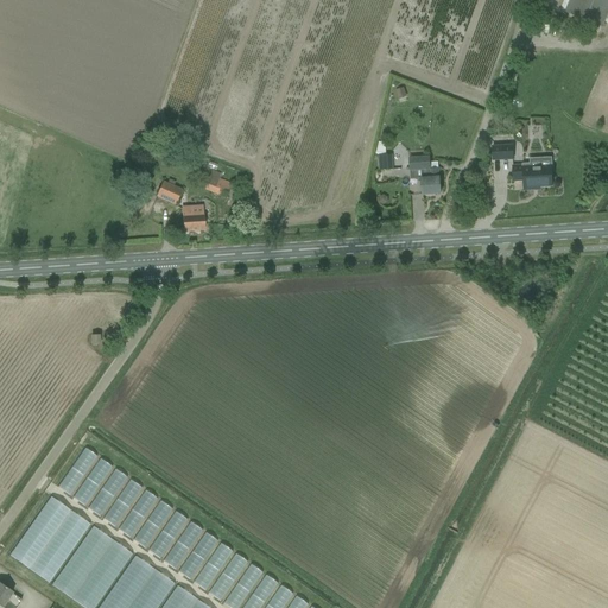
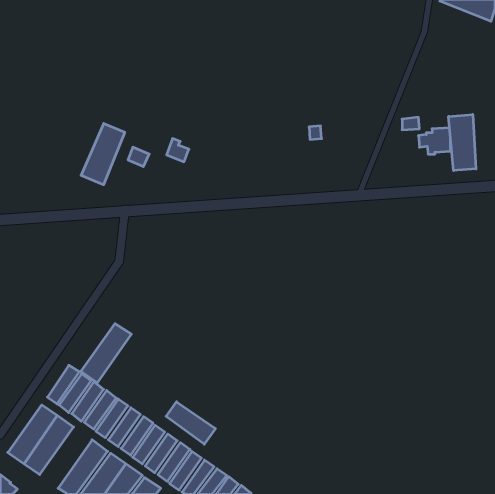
building: none -> [449,114,476,171]
building: none -> [81,123,125,185]
building: [408,157,441,195] -> none
building: [182,207,204,232] -> none
building: none -> [166,402,215,444]
building: [51,526,113,598] -> [81,324,131,383]

